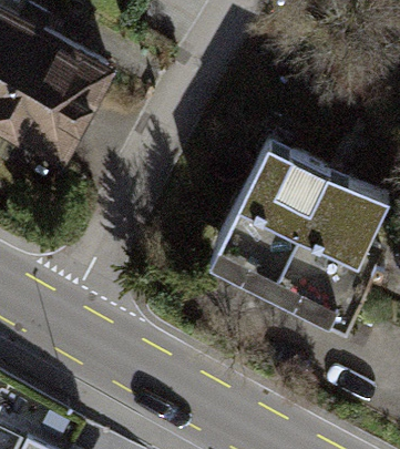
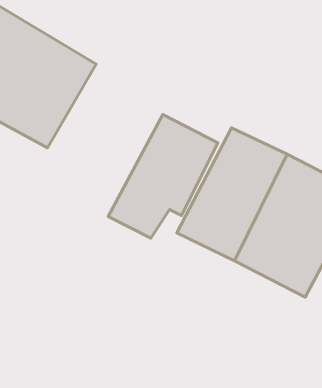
building: none -> [108,115,218,238]

